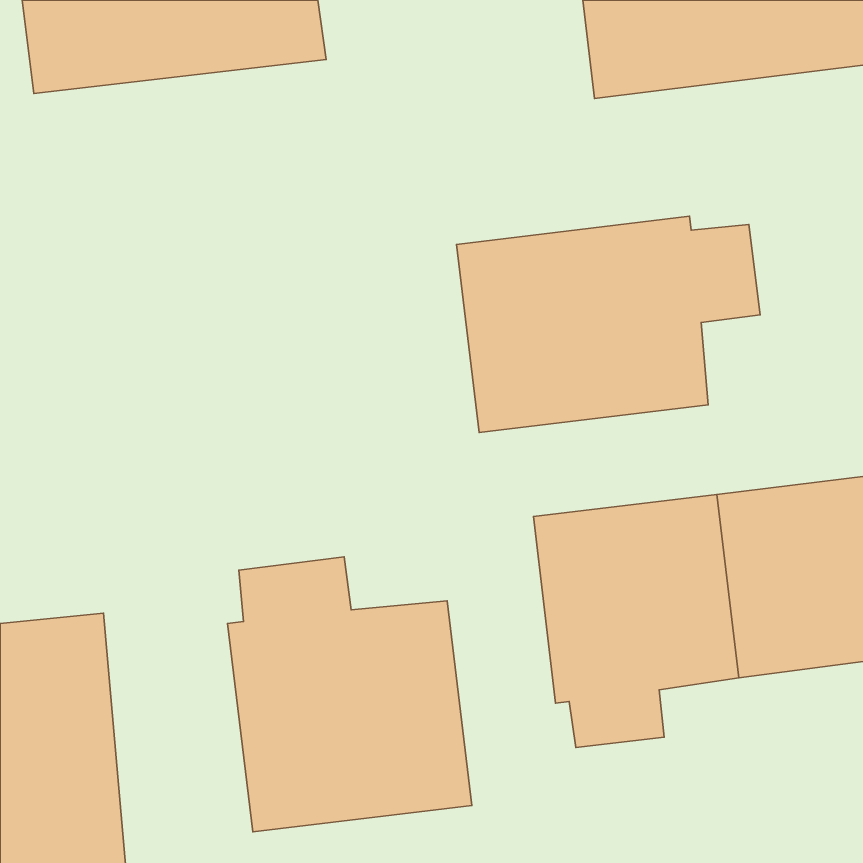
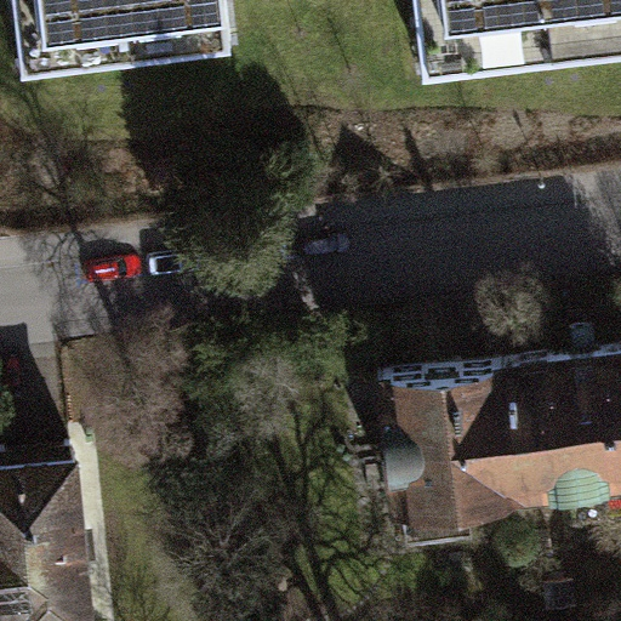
building: [456,216,760,432] -> none
building: [227,557,472,832] -> none

